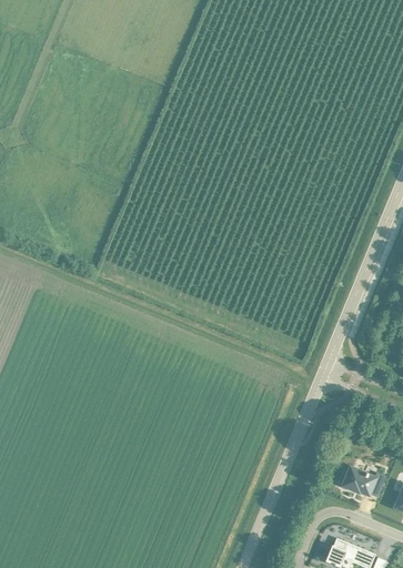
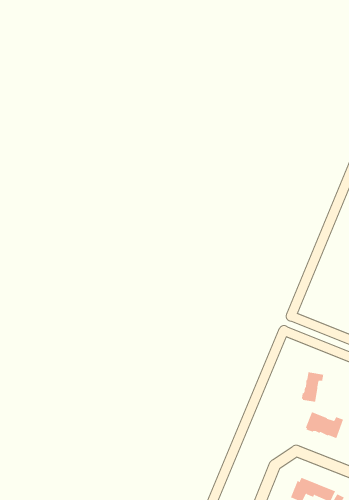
building: none -> [301,372,324,403]

